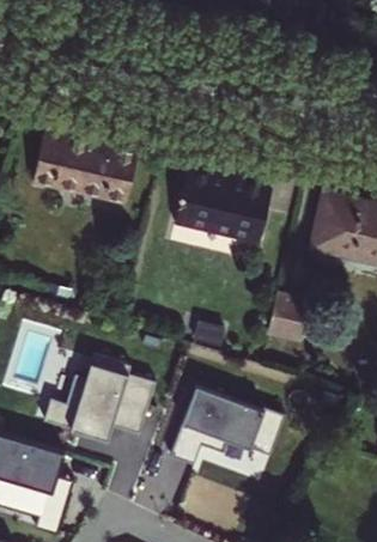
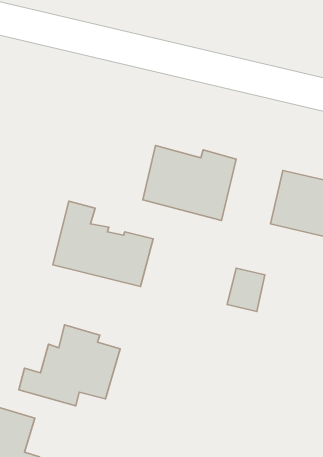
building: [31,114,136,203] -> [53,201,153,286]
building: [168,388,282,465] -> none

